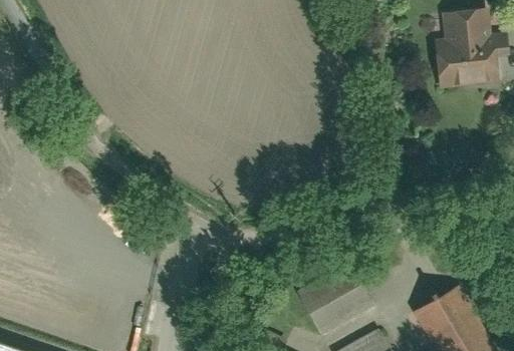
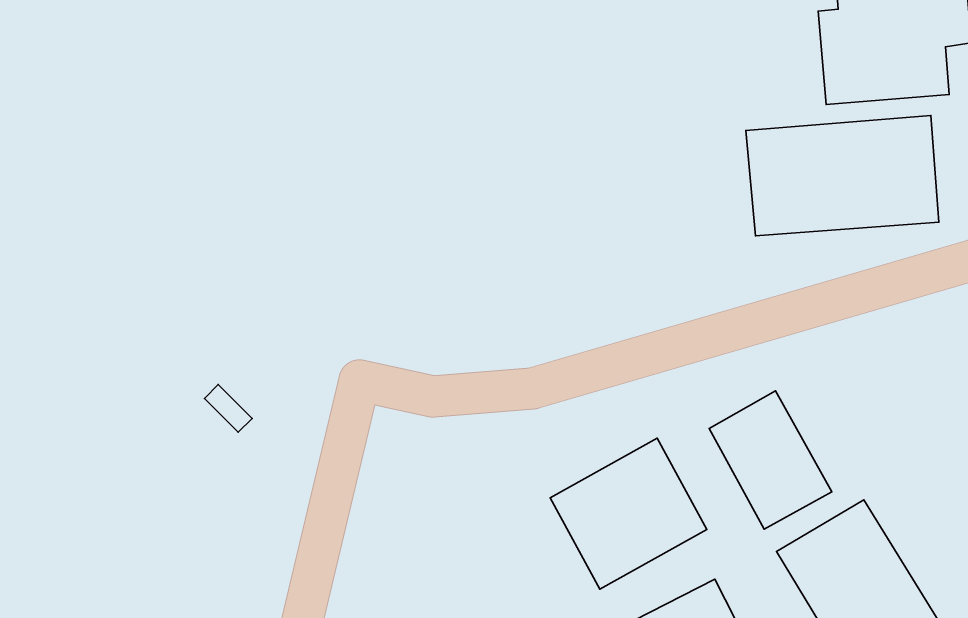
building: none -> [746,116,939,236]
building: none -> [709,391,832,529]

